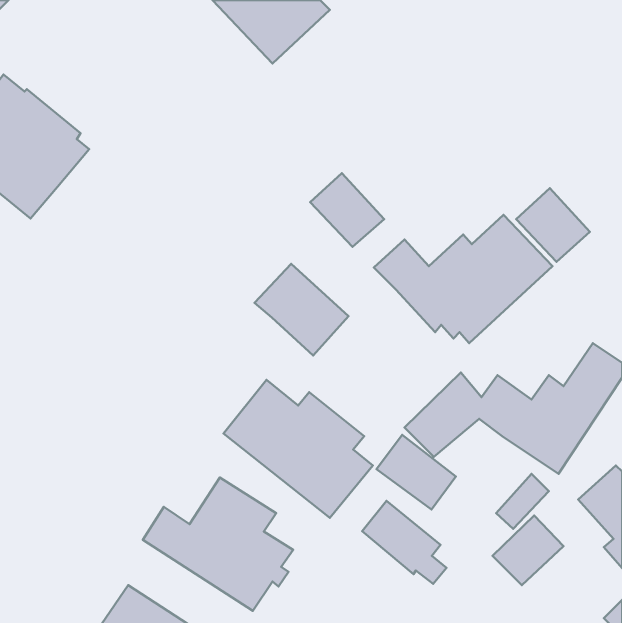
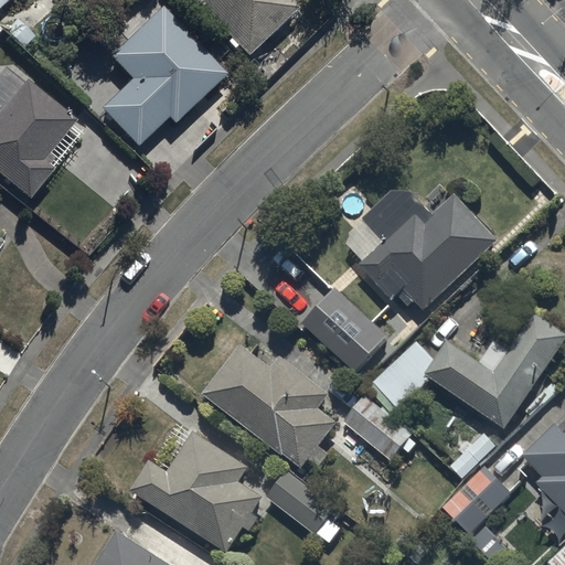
building: none -> [99,8,224,146]
building: [310,173,384,247] -> none
building: [516,188,590,262] -> none
building: [255,264,349,355] -> [302,288,387,371]
building: [362,501,446,584] -> [266,468,342,543]

